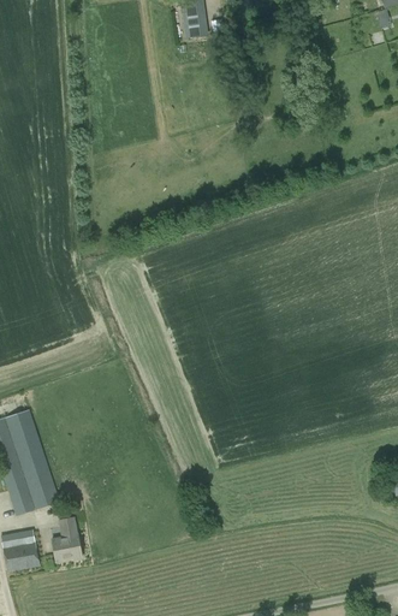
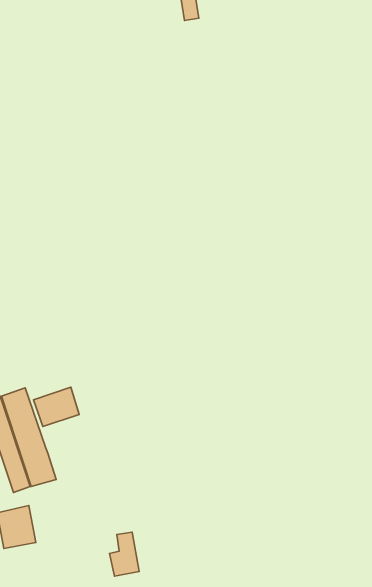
building: none -> [34,387,79,427]
building: [52,517,82,562] -> [110,532,139,576]

